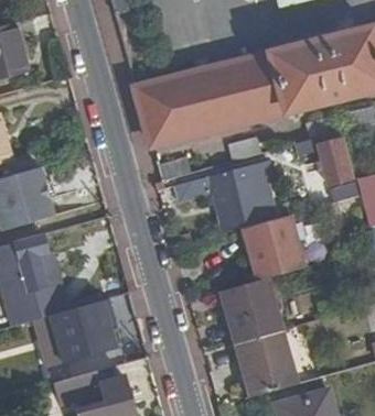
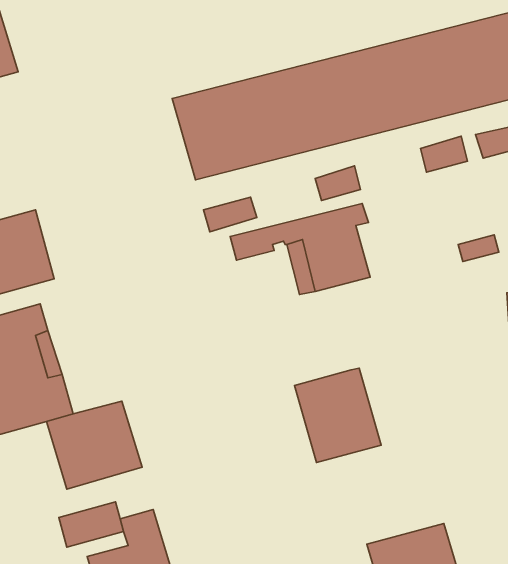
building: [323,140,356,186] -> none
building: [246,216,306,280] -> none
building: [237,332,297,397] -> none

